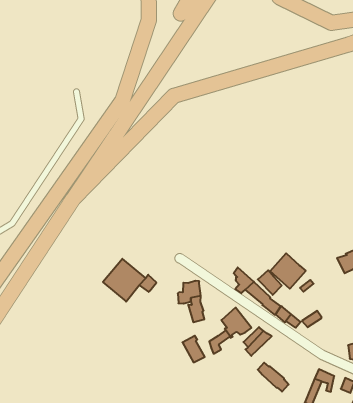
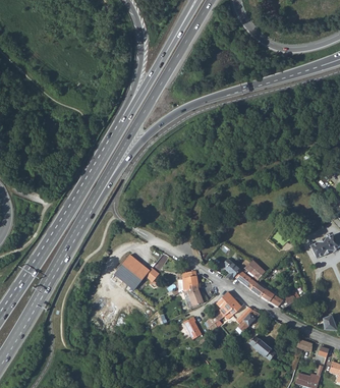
building: [270,253,306,289] -> none

